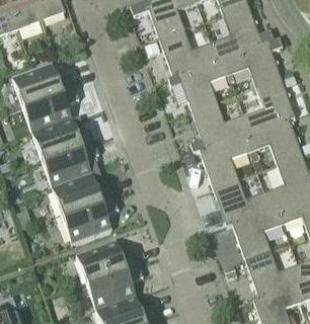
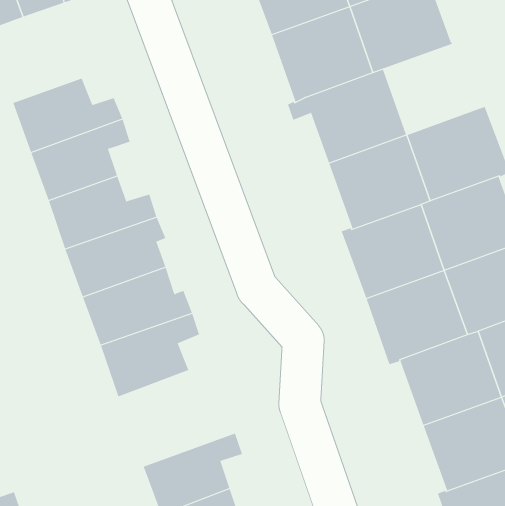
building: [222,39,280,94] -> none
building: [75,239,138,282] -> none

